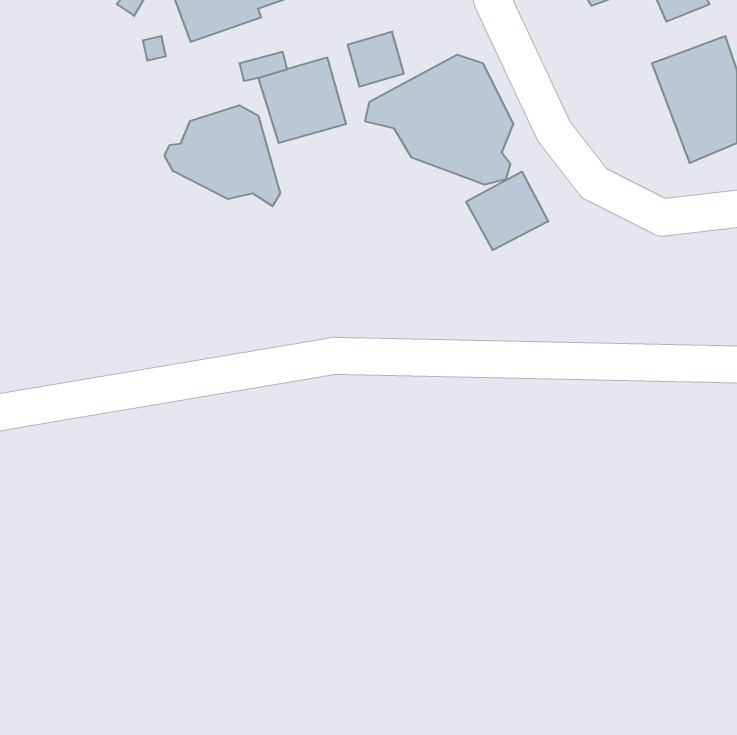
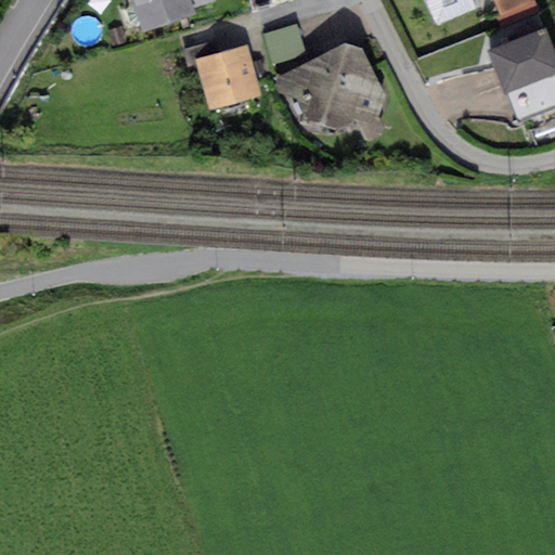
building: [164,105,280,206] -> none
building: [466,172,548,250] -> none

